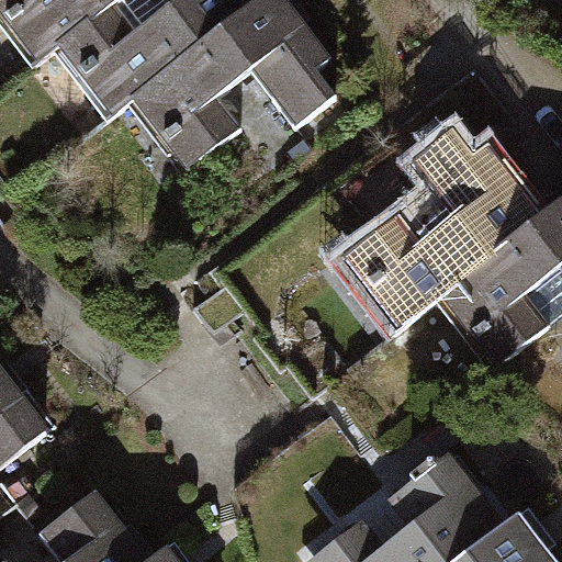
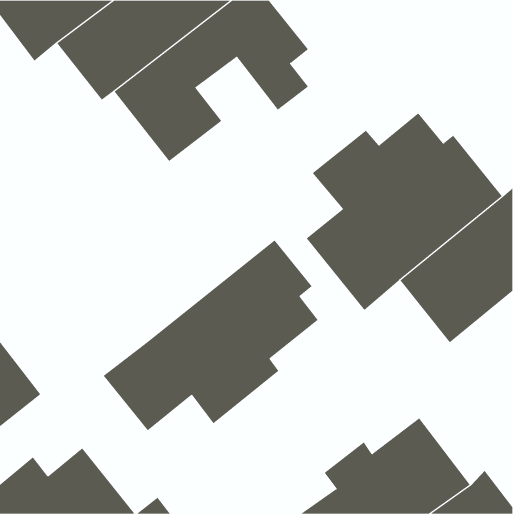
building: none -> [103,240,318,431]

